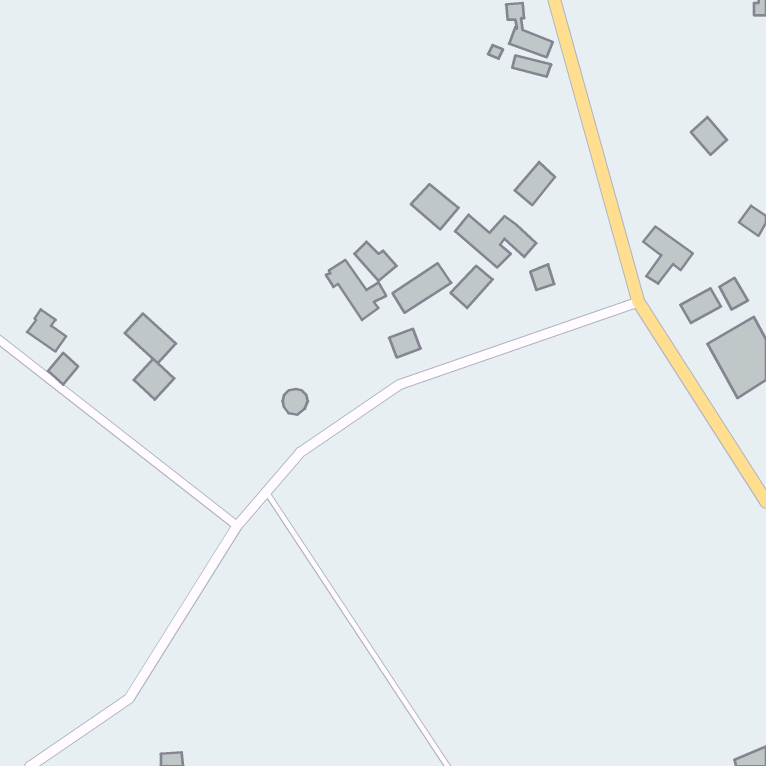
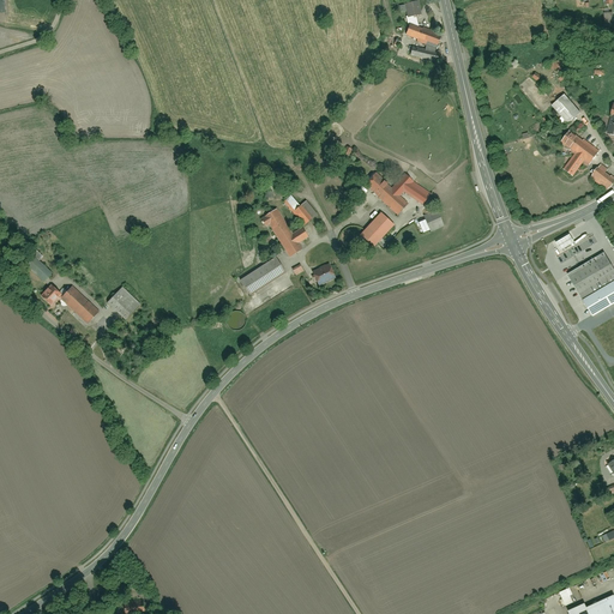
building: [515,162,555,205] -> none
building: [411,184,459,229] -> none
building: [643,227,693,284] -> [560,130,600,175]
building: [393,263,451,313] -> [239,257,285,296]
building: [125,314,176,363] -> [60,283,101,323]

